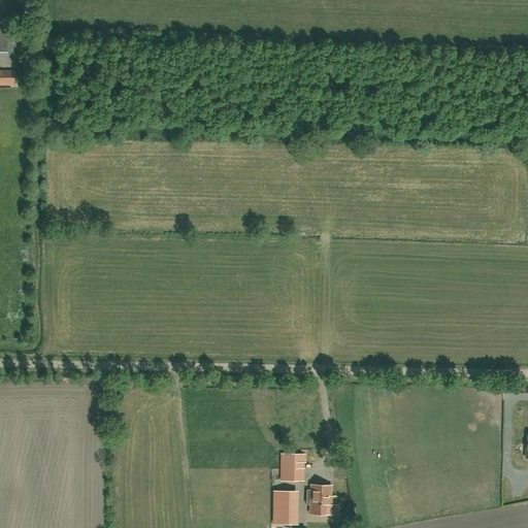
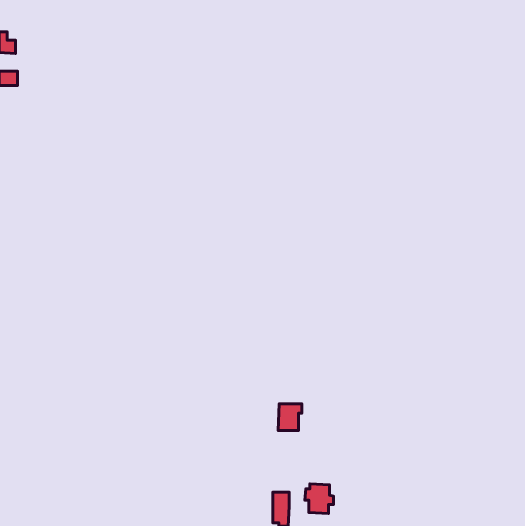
building: [280,454,304,481] -> [278,404,302,431]

